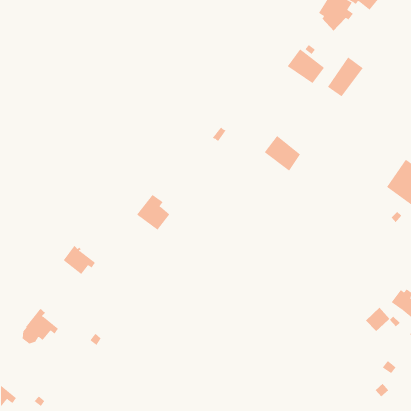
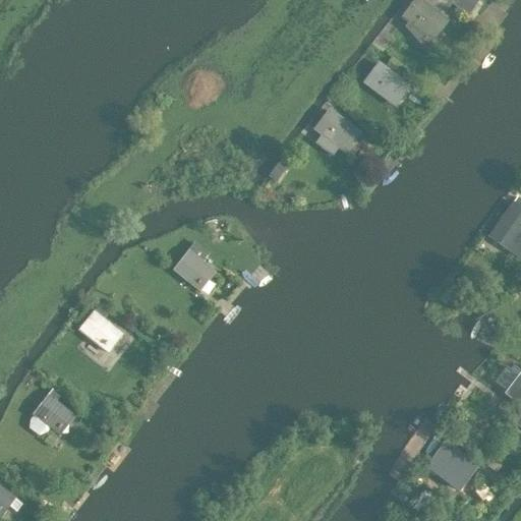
building: [327,57,364,97] -> none
building: [264,135,301,171] -> [313,108,360,154]
building: [365,307,401,332] -> [436,448,480,479]

